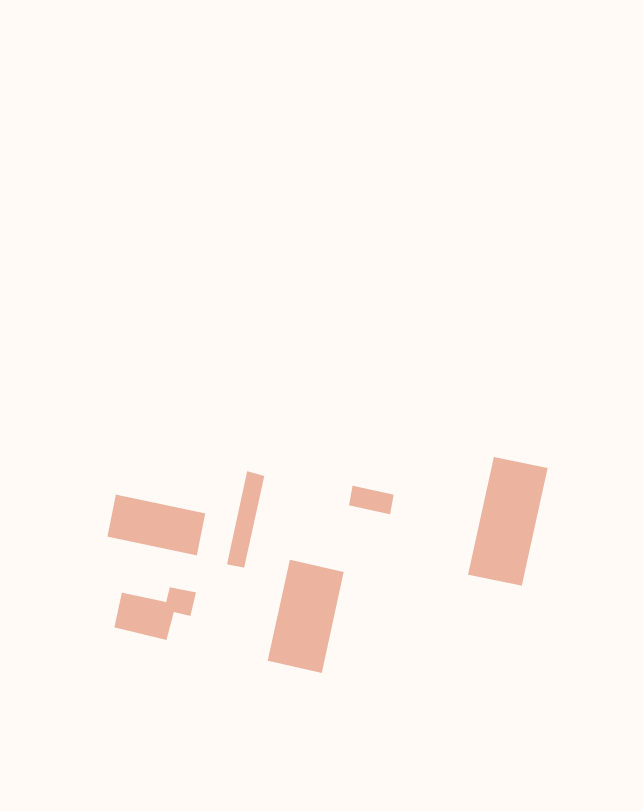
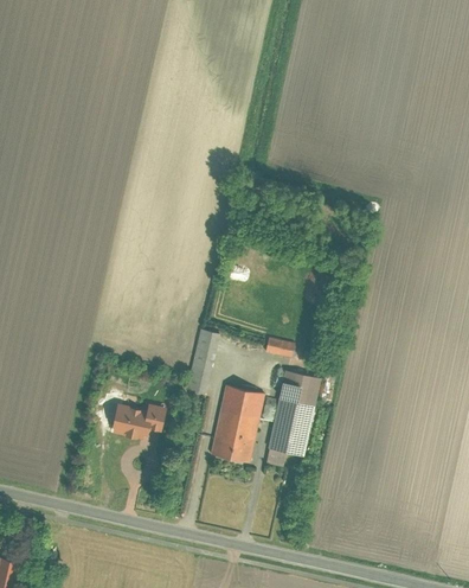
building: [467,457,548,586] -> [268,372,320,455]
building: [107,494,206,556] -> none

